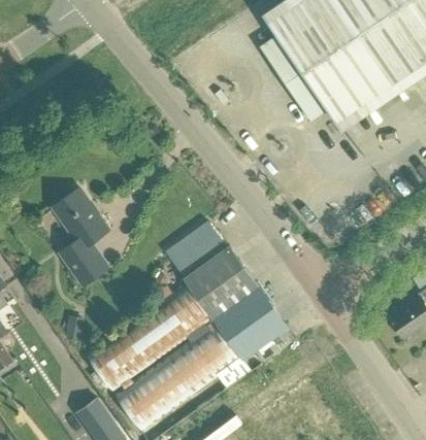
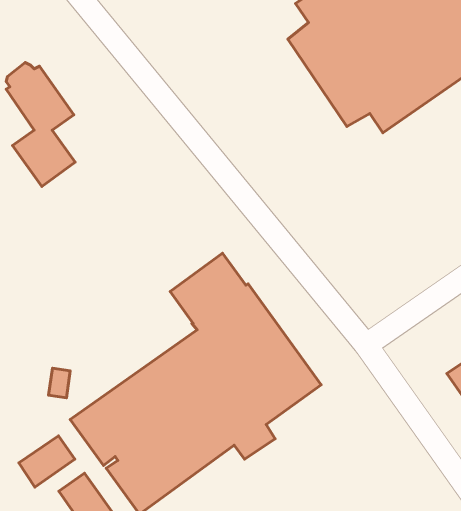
building: [55,185,110,285] -> [6,62,75,187]
building: none -> [19,436,75,487]

